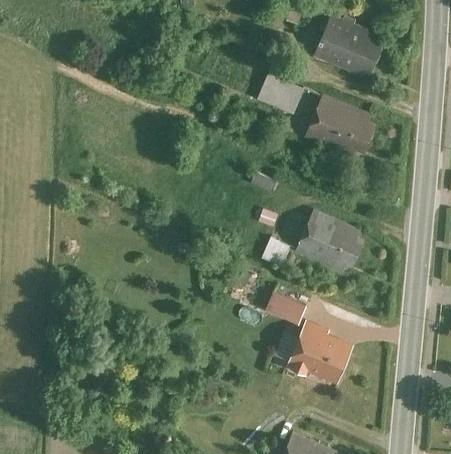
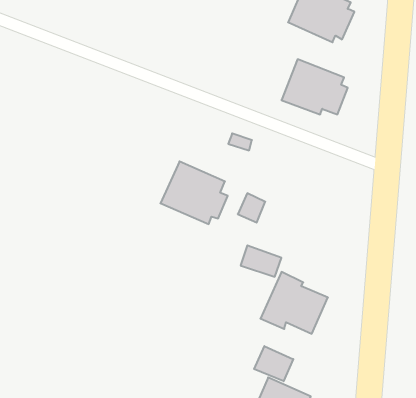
building: [256,72,304,113] -> none
building: [292,207,363,273] -> [160,161,228,224]
building: none -> [254,346,293,381]

